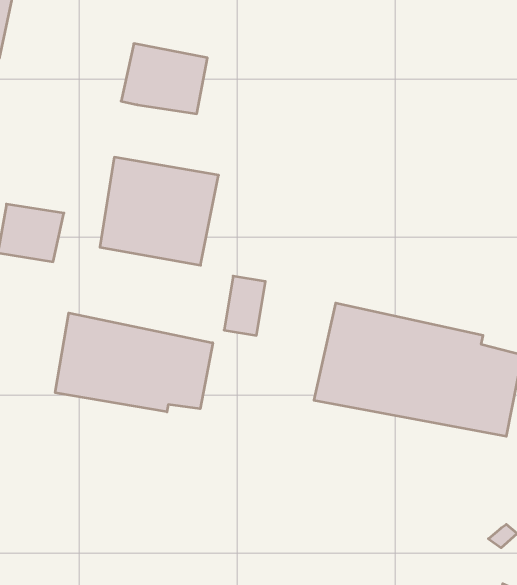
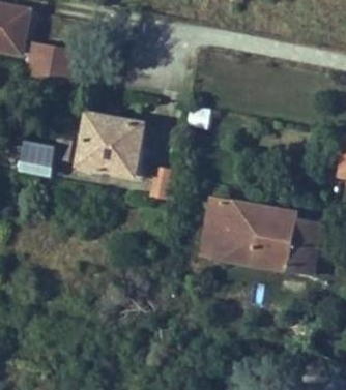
building: [121,44,207,114] -> [26,42,76,83]
building: [55,313,213,412] -> none

